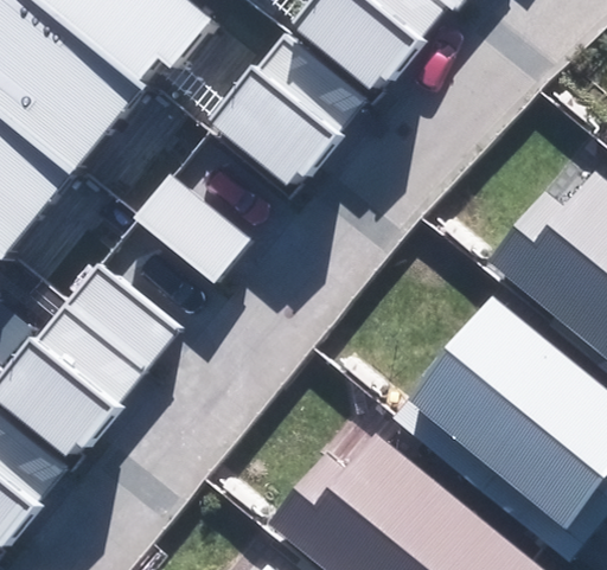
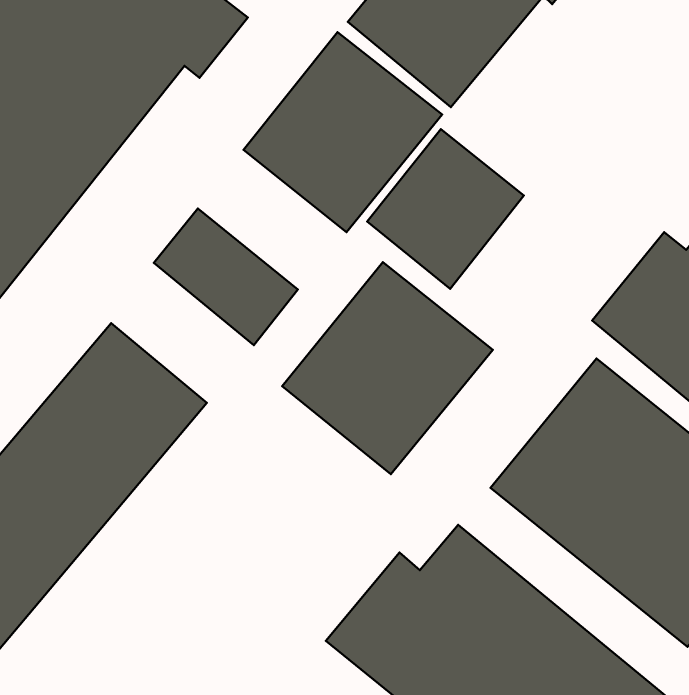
building: none -> [367,129,524,289]
building: none -> [282,262,493,474]

